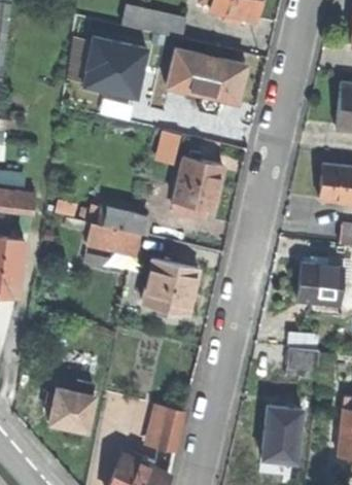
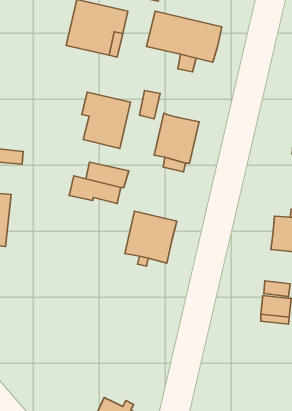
building: none -> [82,92,130,148]
building: [48,387,94,431] -> none
building: [145,405,184,452] -> none
building: [262,406,302,461] -> none

